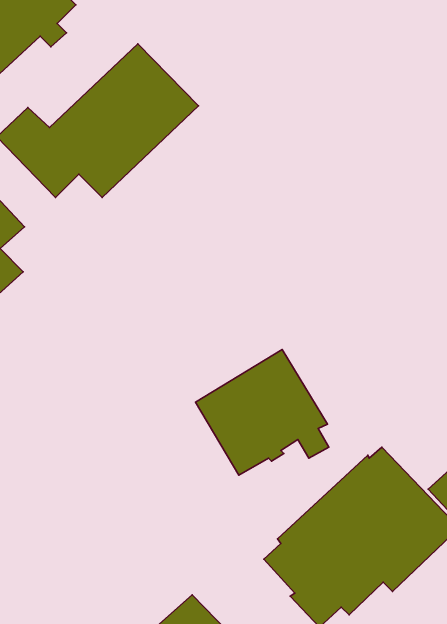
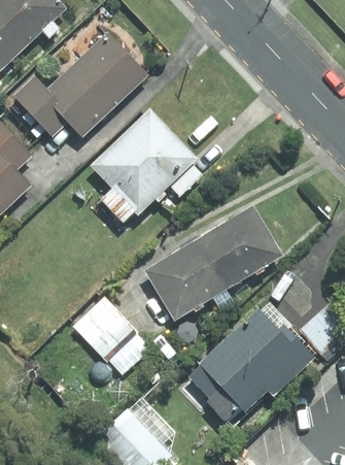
building: none -> [91,109,196,223]
building: none -> [202,206,283,287]
building: none -> [72,296,151,376]

